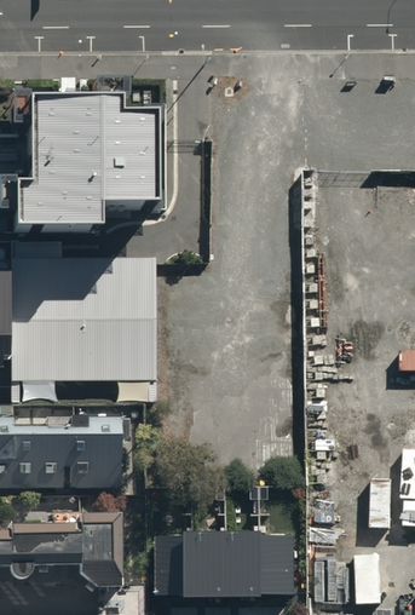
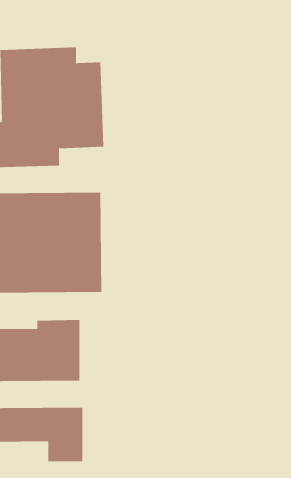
building: [161,534,294,596] -> none

